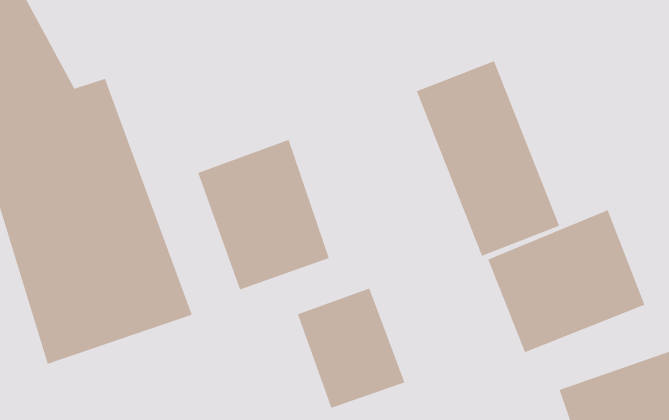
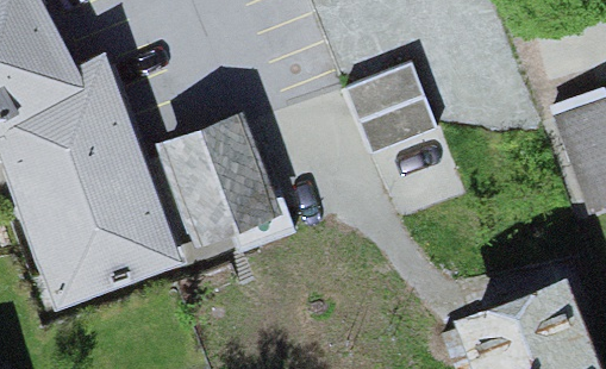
building: [487,209,645,353] -> none
building: [297,288,406,409] -> none

